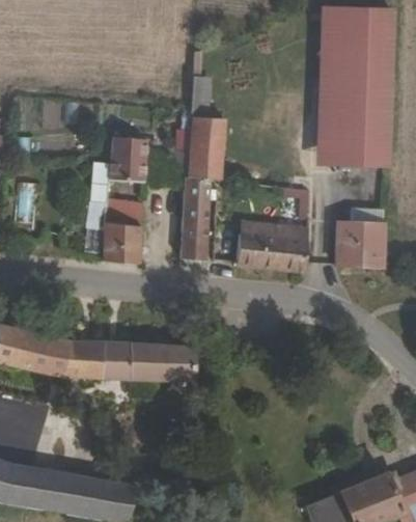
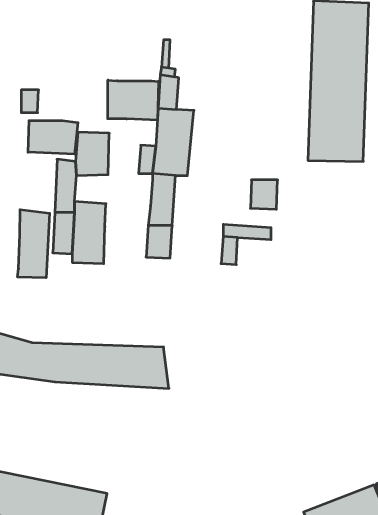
building: none -> [108,80,158,120]
building: none -> [28,121,78,154]
building: [337,208,385,268] -> none
building: none -> [18,210,50,278]
building: [265,240,298,268] -> none

